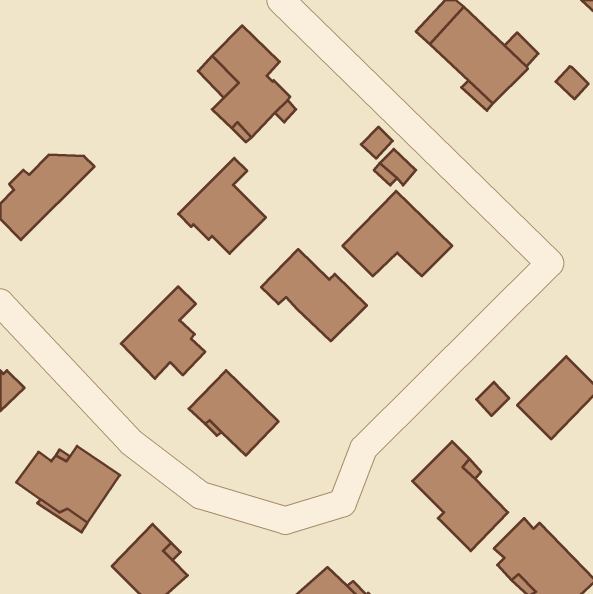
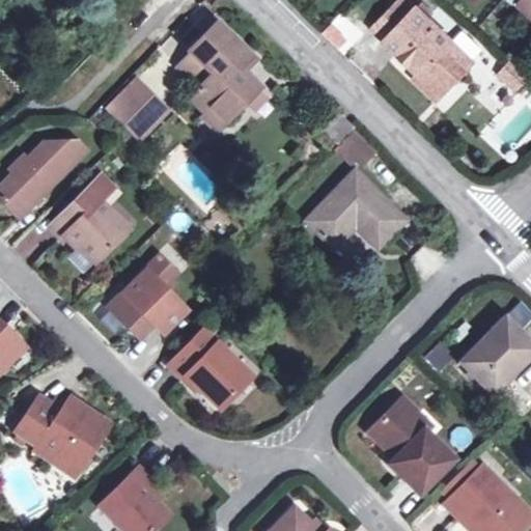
building: none -> [110,82,168,140]
building: [178,158,266,254] -> [51,176,129,261]
building: [261,249,367,341] -> none

